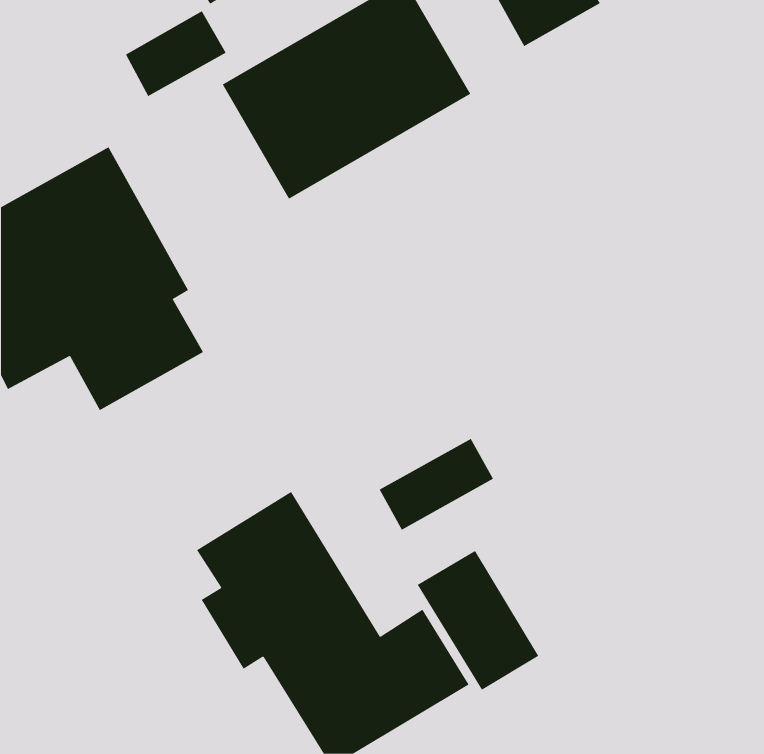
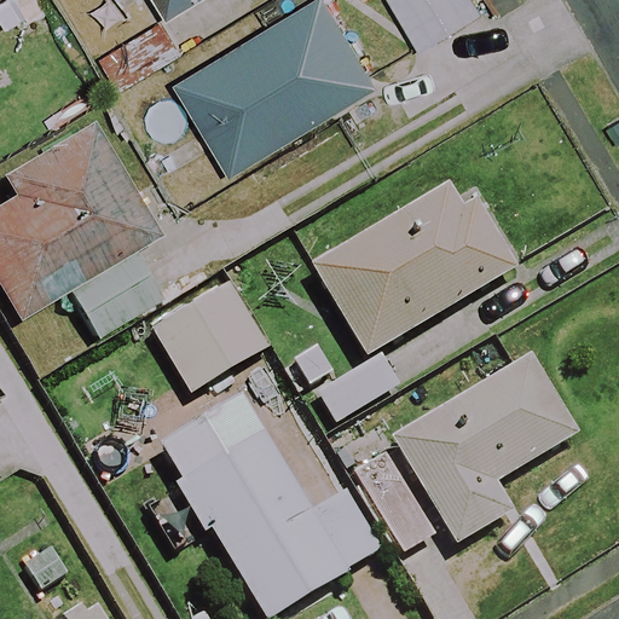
building: none -> [313,172,522,354]
building: none -> [152,278,268,389]
building: none -> [392,352,578,543]

